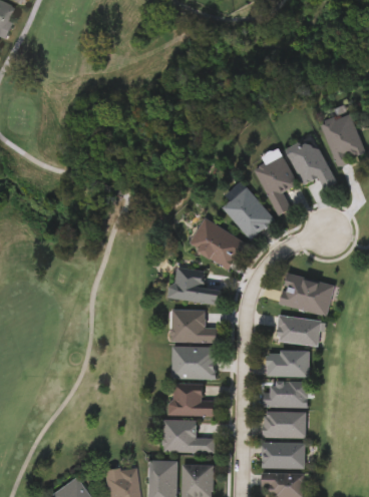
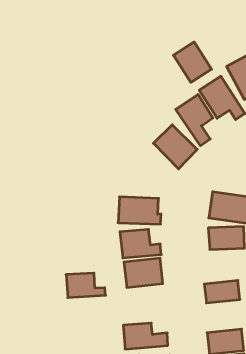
building: none -> [173,42,212,82]
building: [189,218,247,272] -> none
building: [267,351,309,377] -> none
building: [169,387,216,417] -> [66,273,106,298]
building: [264,412,306,438] -> none

